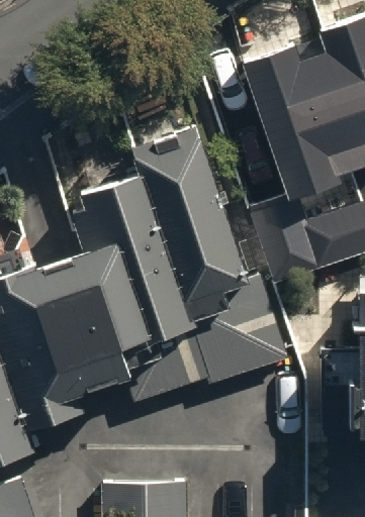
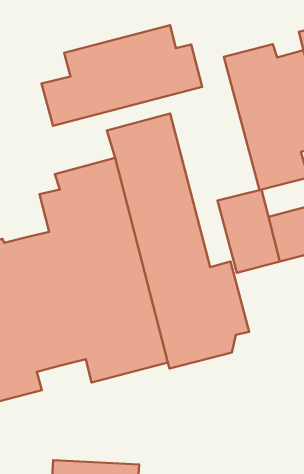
building: none -> [42,25,202,126]

